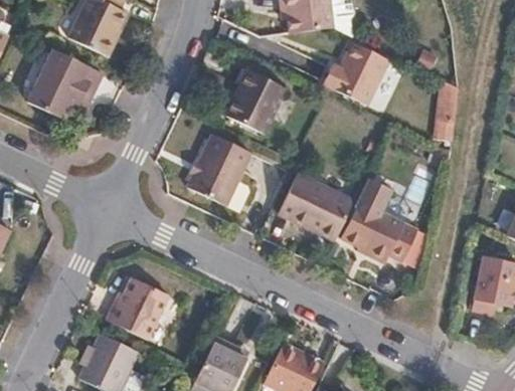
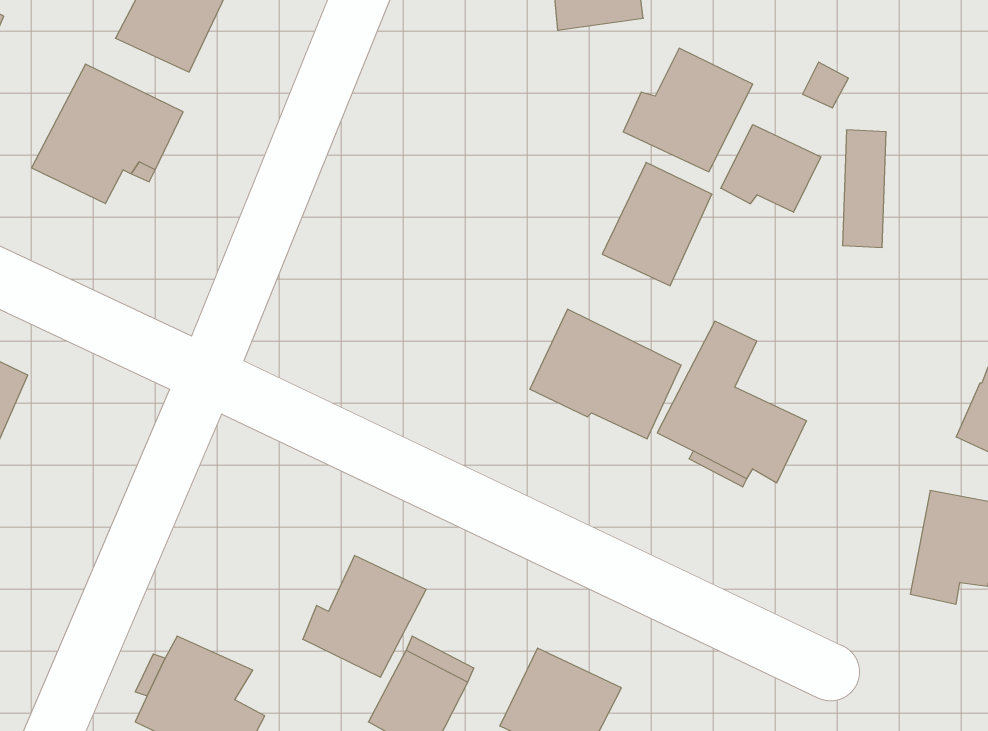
building: [227,66,283,129] -> [602,162,712,286]
building: none -> [721,125,821,212]
building: [186,134,250,205] -> none
building: [110,270,172,332] -> [303,556,426,677]

